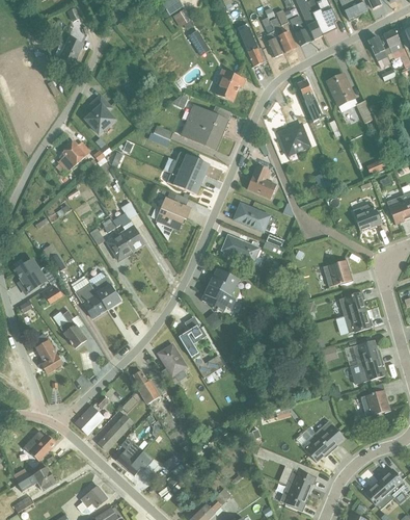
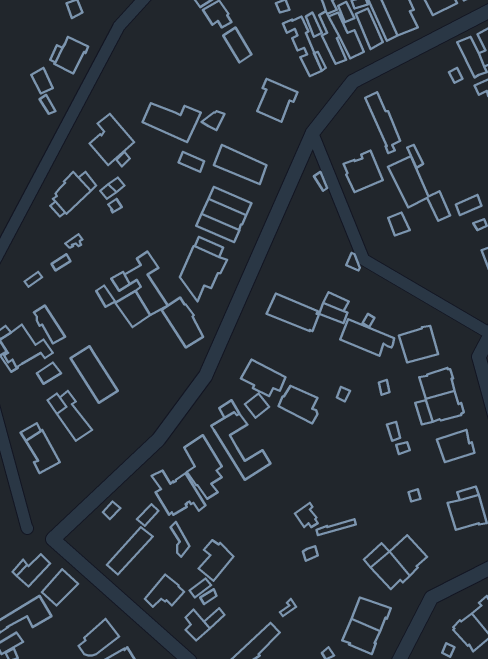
building: [325,72,373,122] -> [388,156,450,221]
building: [186,104,230,134] -> [143,103,201,142]
building: [246,163,275,198] -> none
building: [352,201,380,231] -> none
building: [234,203,275,231] -> [340,319,394,356]
building: [209,268,239,297] -> [278,386,318,424]
building: [87,269,119,308] -> [161,298,203,348]
building: [357,356,384,381] -> none
building: [75,405,103,433] -> [42,569,78,606]
building: [115,437,142,468] -> [198,540,234,581]

